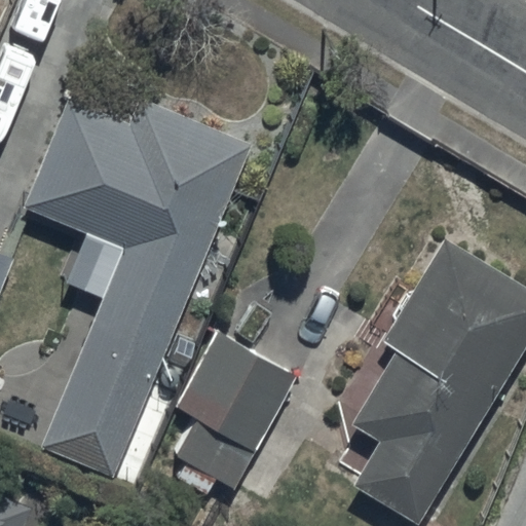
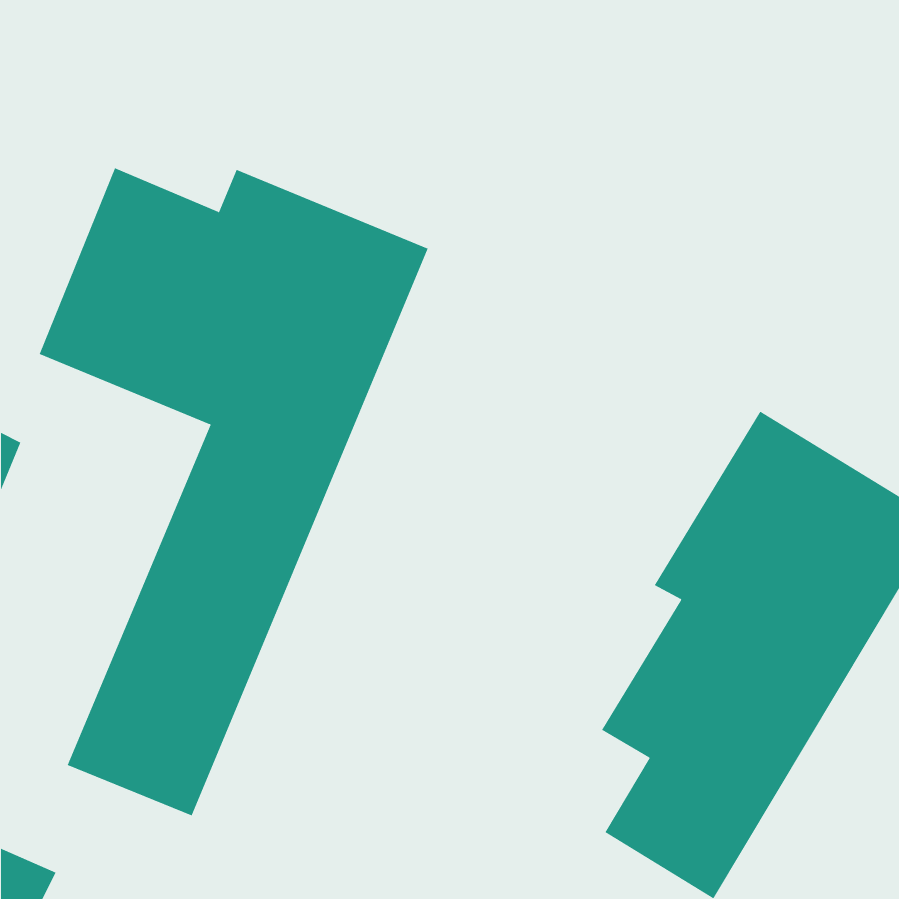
building: [175,332,298,489] -> none

